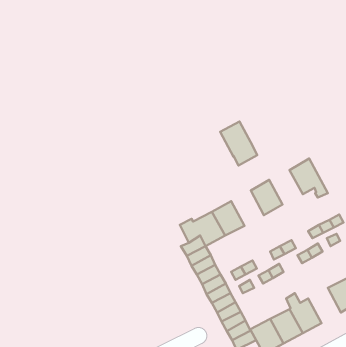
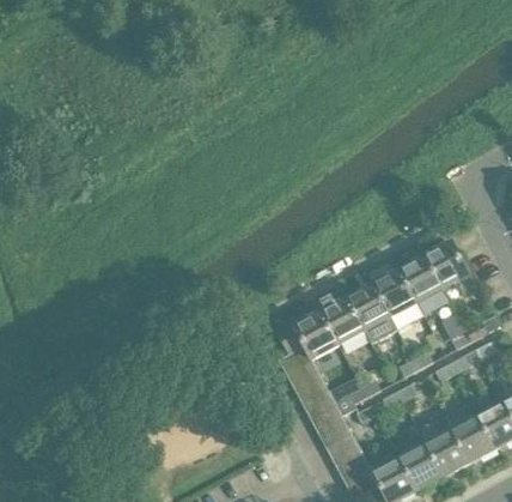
building: [220,121,257,166] -> [346,283,396,343]
building: none -> [397,255,443,302]
building: none -> [450,415,494,462]

